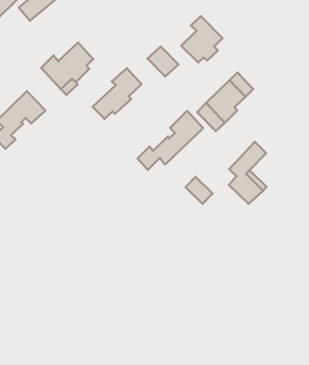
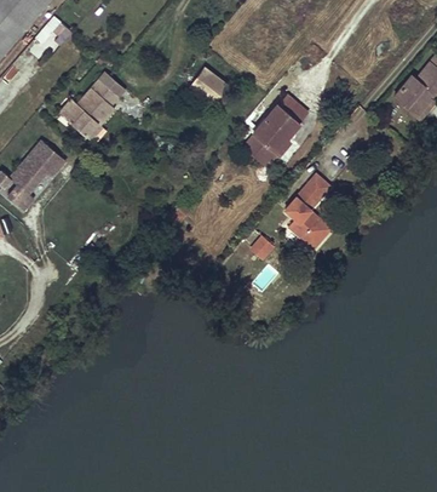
building: [181,16,223,62] -> none
building: [93,68,142,119] -> none
building: [137,111,203,170] -> none

